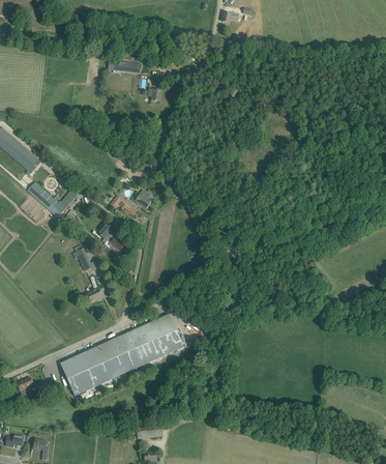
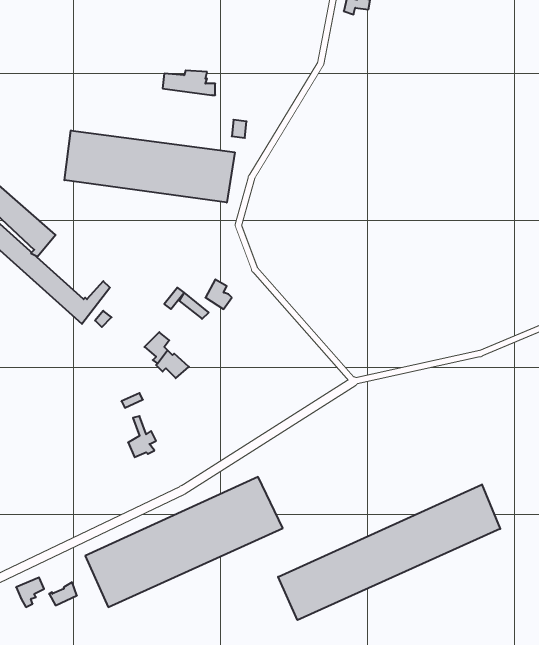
building: none -> [64,130,235,203]
building: none -> [278,484,500,620]

